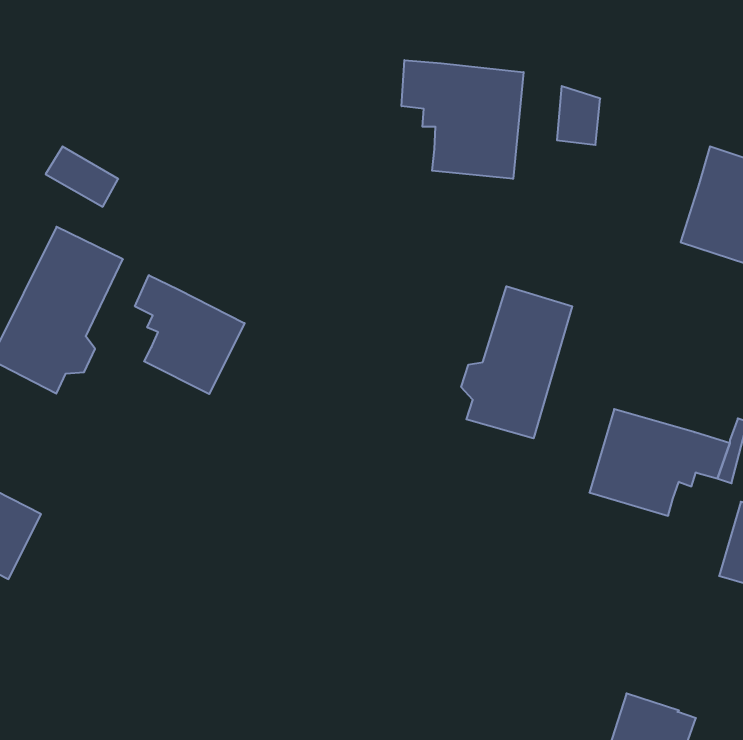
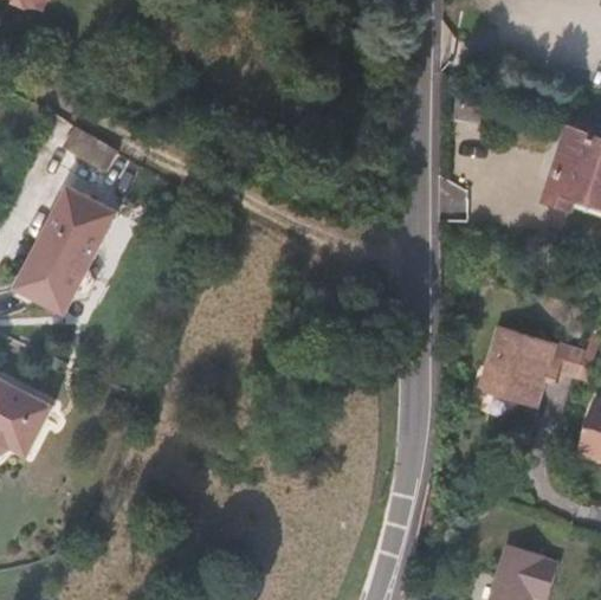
building: [402,60,524,179] -> none
building: [135,275,245,394] -> none
building: [461,286,572,438] -> none

